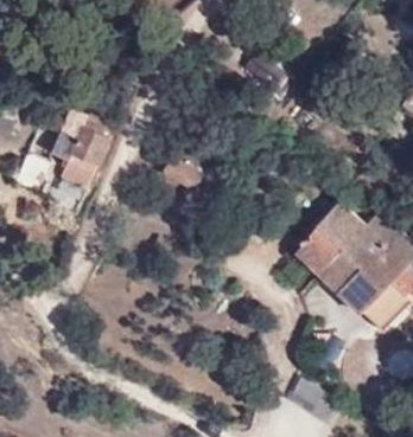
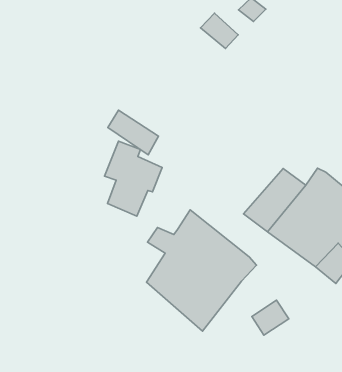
building: [52,122,109,195] -> [104,141,162,216]
building: none -> [147,210,257,331]

